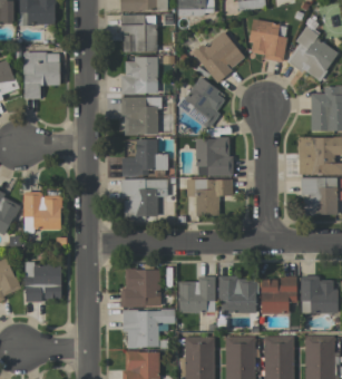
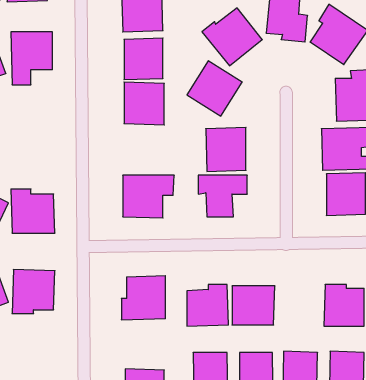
building: [123,139,168,176] -> none
building: [261,276,297,314] -> none
building: [125,310,175,348] -> none

